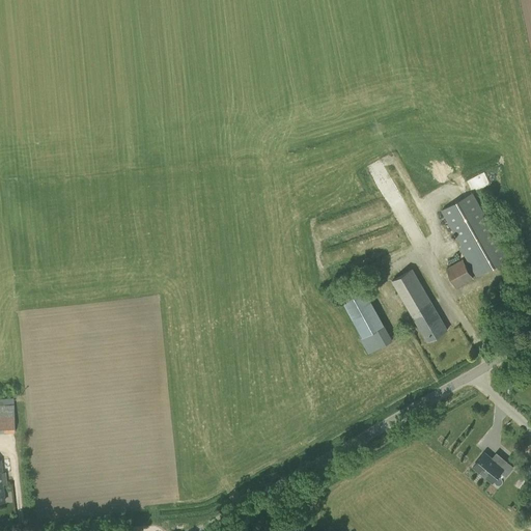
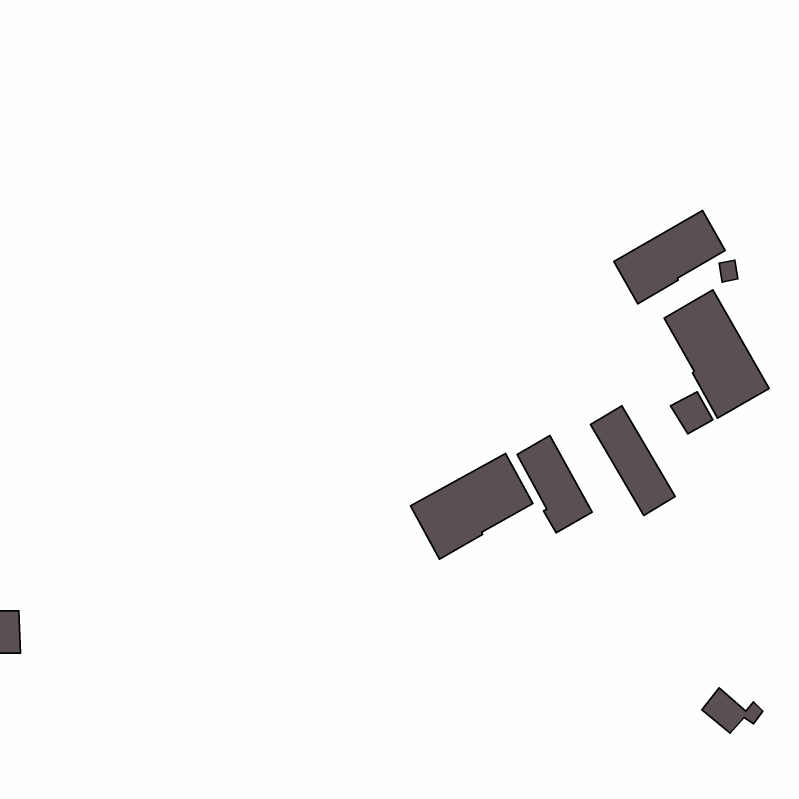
building: none -> [614,211,725,304]
building: none -> [410,453,533,559]

